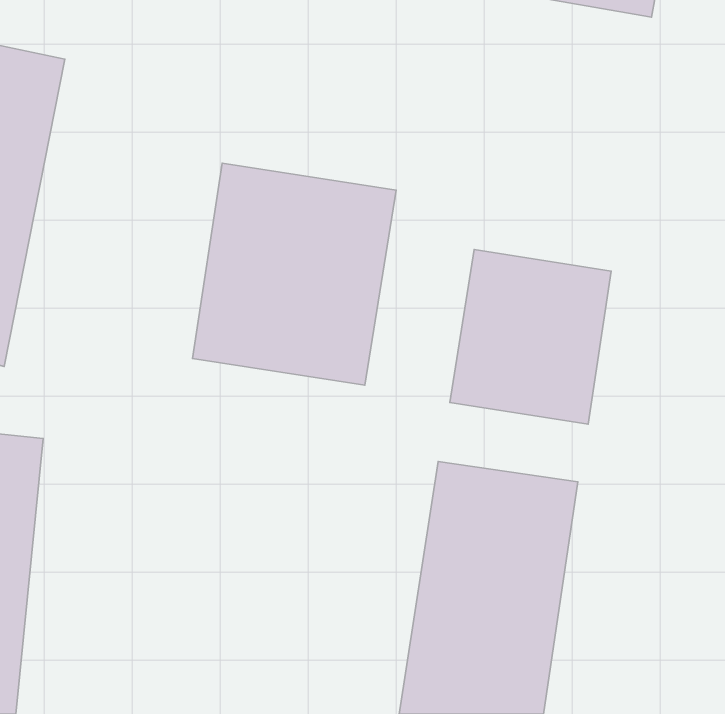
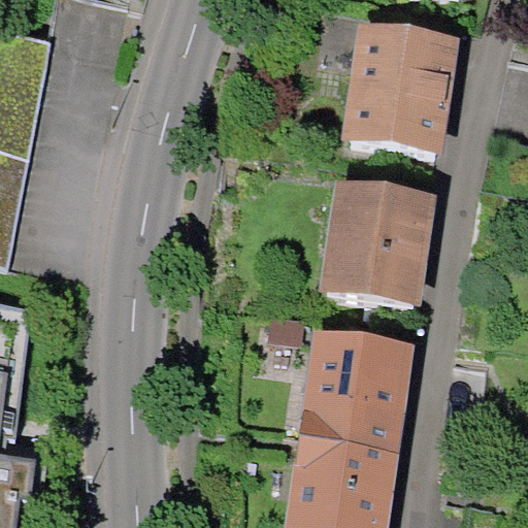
building: none -> [342,34,457,153]
building: [192,163,396,385] -> none

